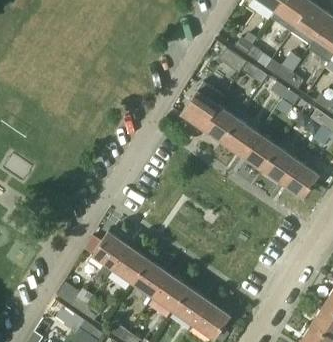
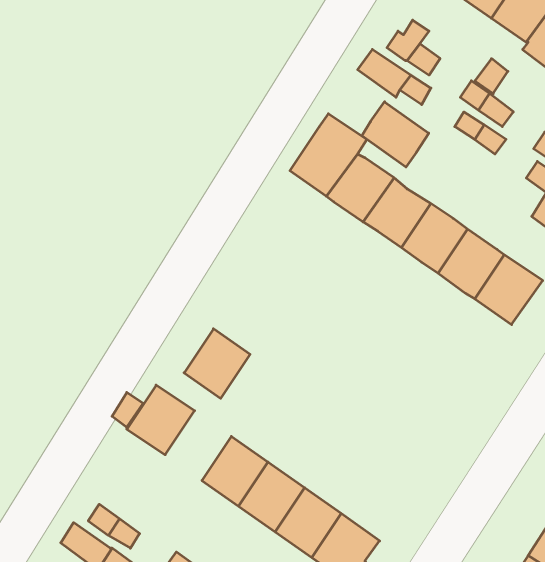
building: none -> [362,102,429,167]
building: [113,246,149,284] -> [184,329,250,398]

